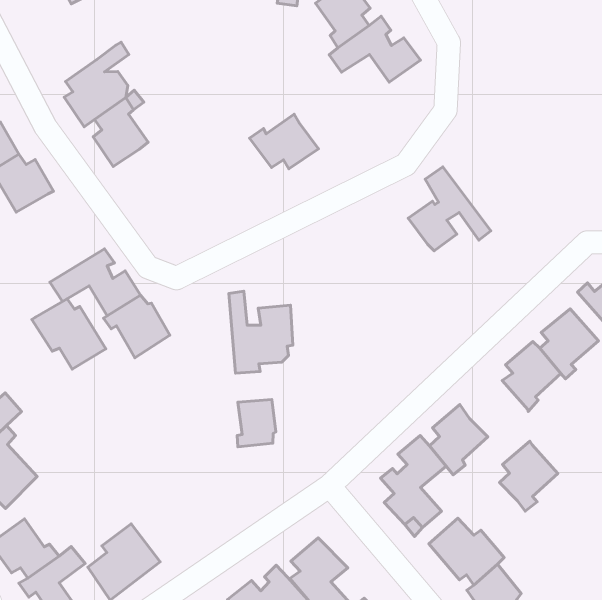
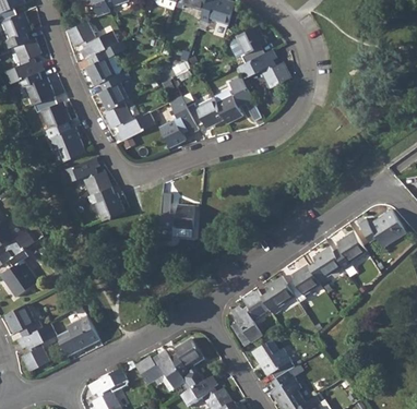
building: none -> [67,21,119,60]
building: none -> [160,96,199,147]
building: none -> [104,104,155,142]
building: [408,167,491,251] -> [216,76,262,123]
building: [32,299,106,369] -> [46,121,85,161]
building: [237,400,276,447] -> none
building: [499,441,558,511] -> [287,264,321,303]

